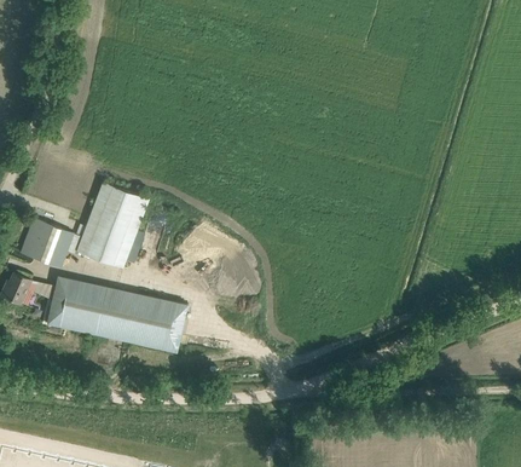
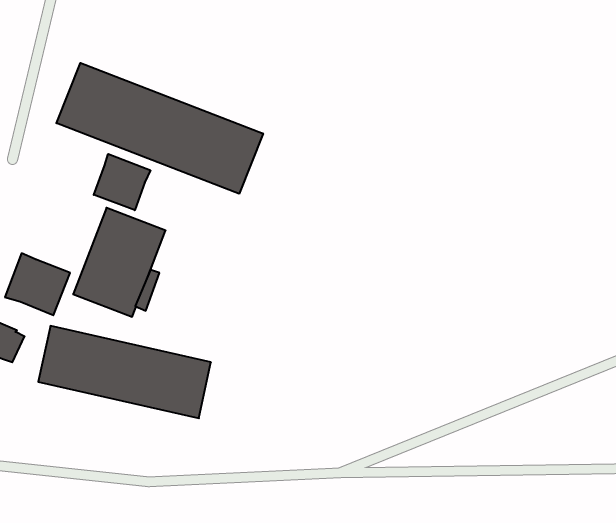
building: none -> [56,63,263,194]
building: none -> [94,154,150,210]

